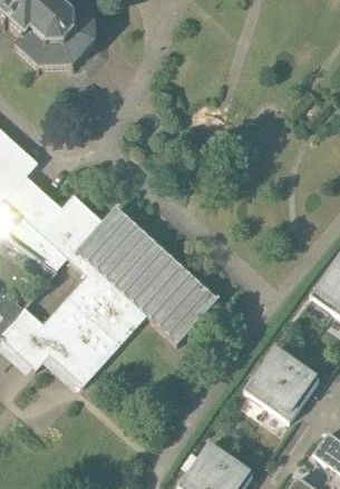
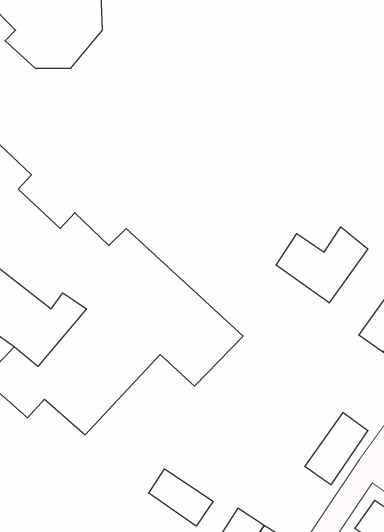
building: none -> [276,227,368,303]
building: [245,345,300,407] -> none
building: none -> [149,469,213,526]

